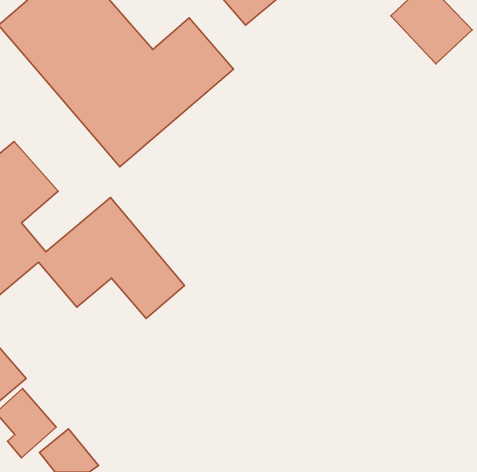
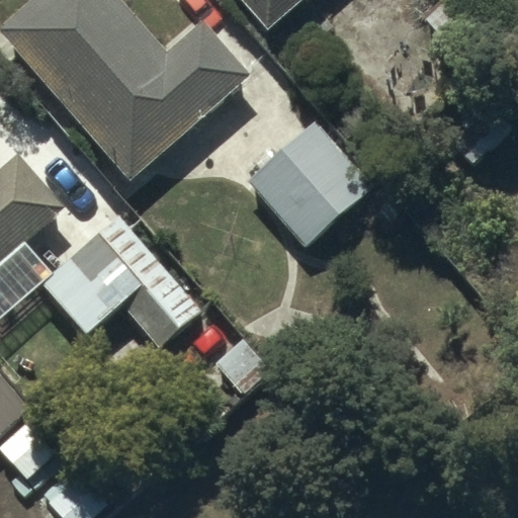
building: none -> [248,121,372,244]

